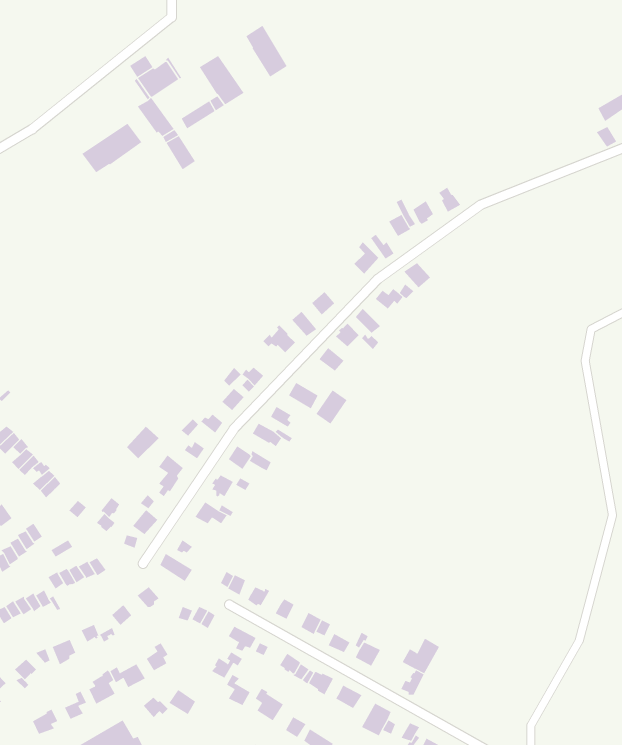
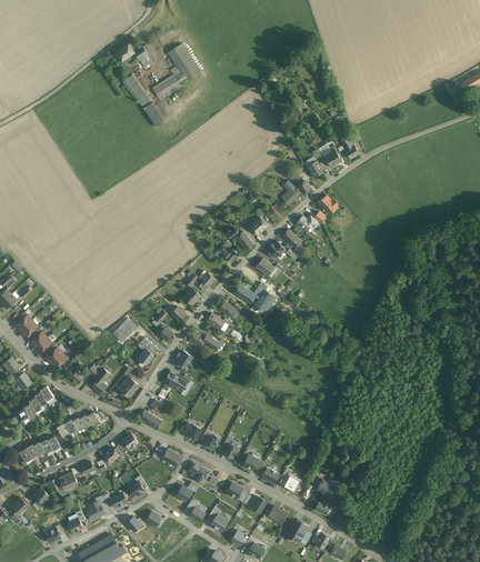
building: [246,25,287,78] -> none
building: [81,123,142,173] -> none

